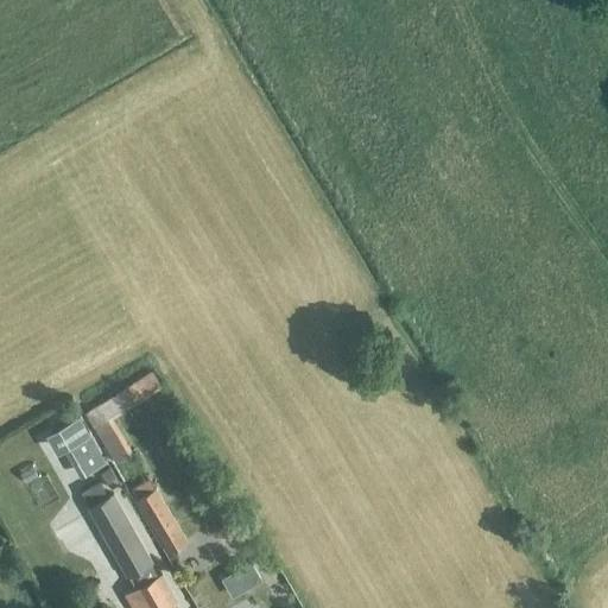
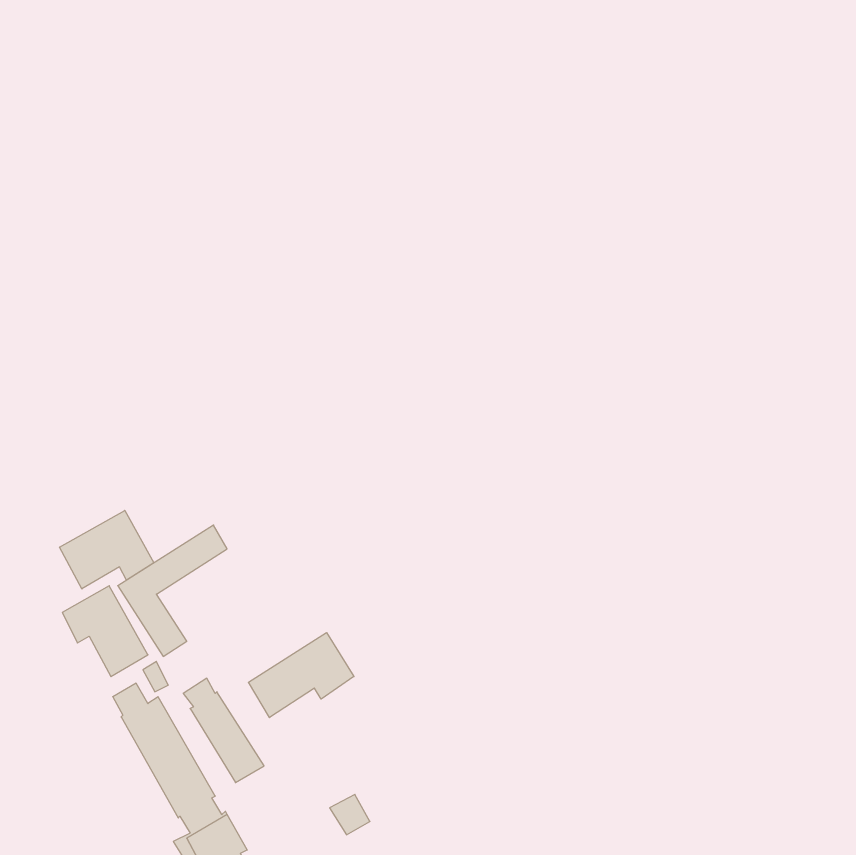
building: none -> [60,510,154,589]
building: none -> [248,633,354,718]

